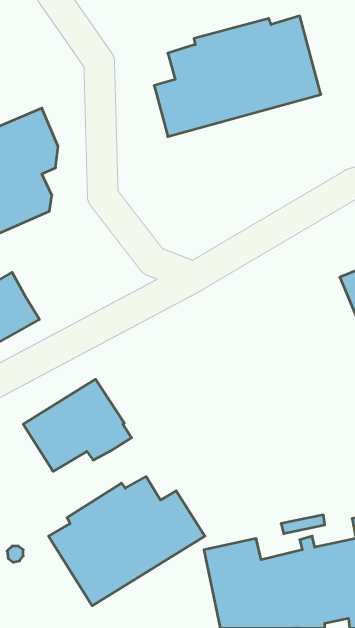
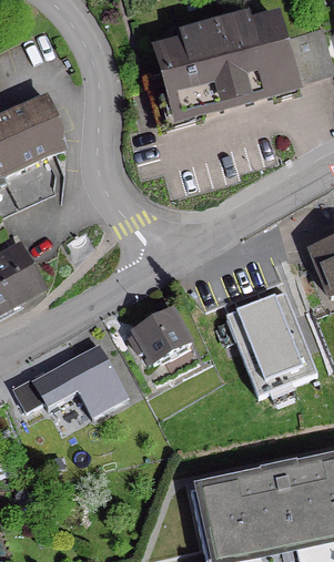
building: none -> [231,285,318,388]
building: none -> [129,307,189,361]
building: [49,477,205,606] -> none

